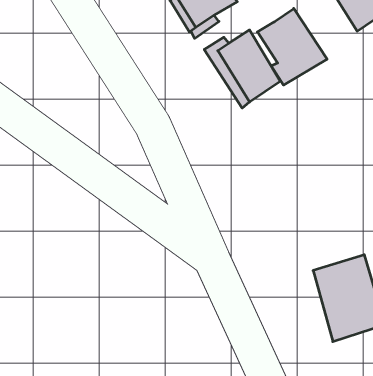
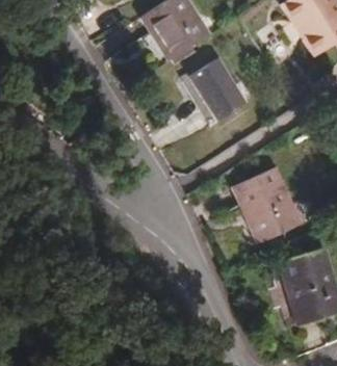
building: [257,8,327,85] -> none
building: none -> [235,166,301,242]

